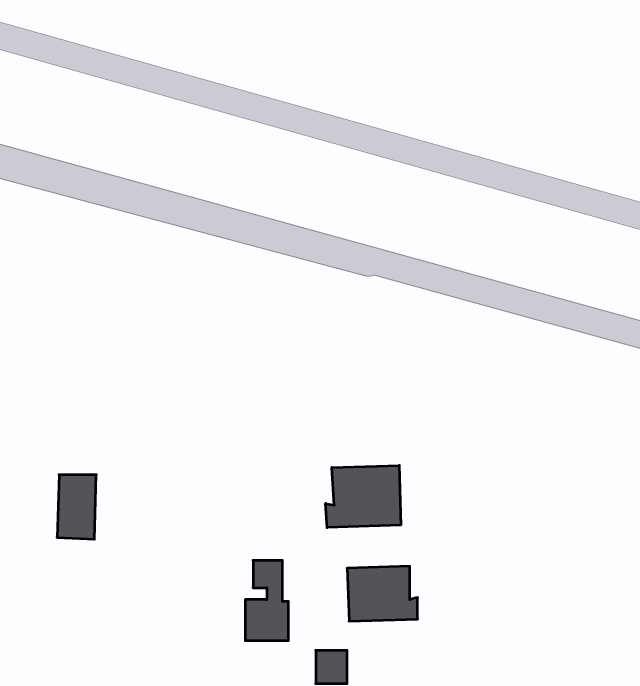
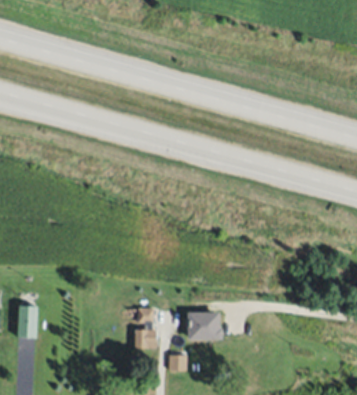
building: [326,465,401,528] -> none
building: [57,475,96,539] -> [18,305,38,338]

